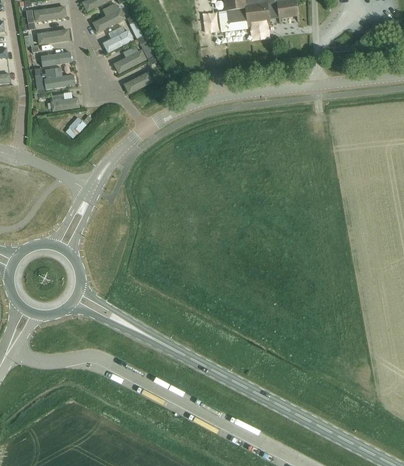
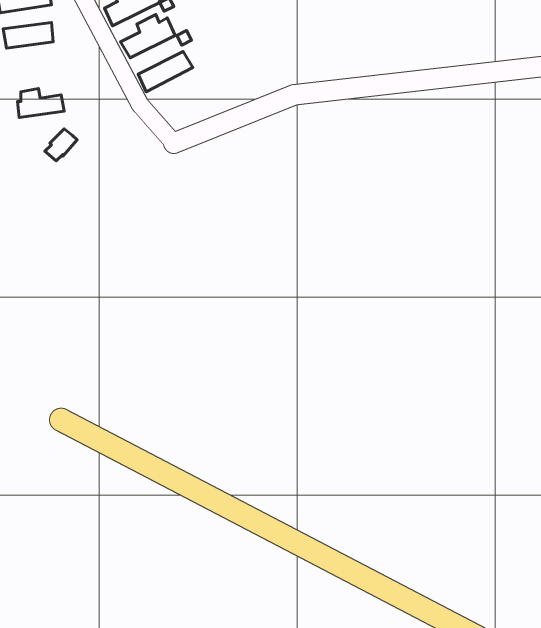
building: [42,67,74,90] -> none

